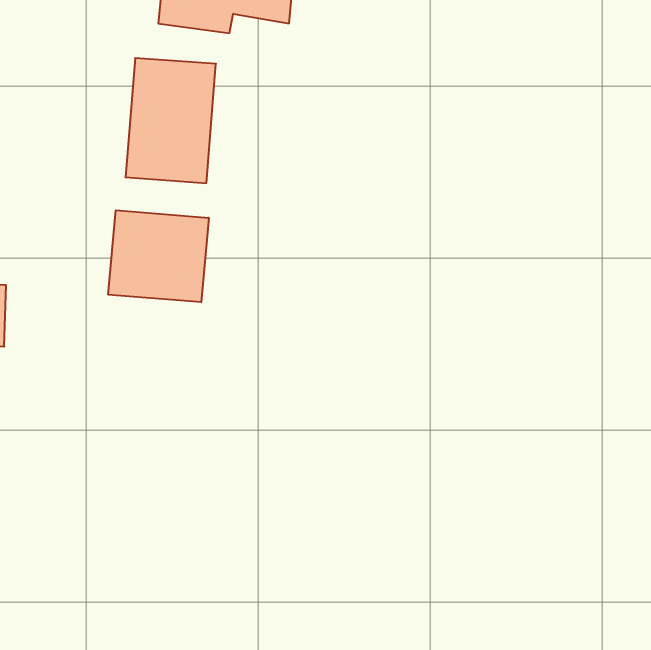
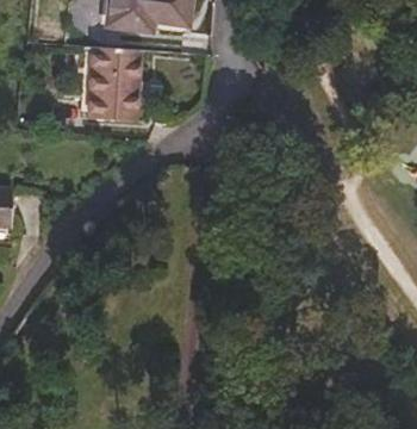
building: [108,210,209,302] -> none

